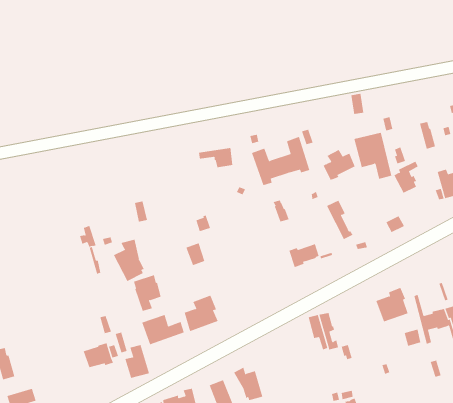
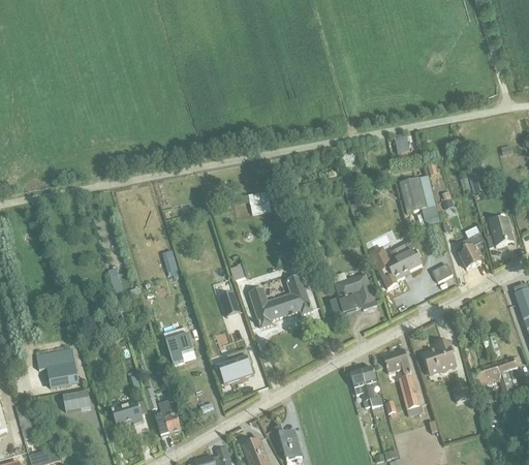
building: [251,136,310,186] -> [248,274,311,327]
building: [323,149,356,181] -> [385,245,421,279]
building: [393,161,419,194] -> [456,233,483,268]
building: none -> [332,271,375,306]
building: [113,239,145,282] -> none
building: none -> [35,347,80,390]
building: none -> [382,348,423,415]
building: [141,314,184,345] -> none
building: none -> [63,390,91,411]

